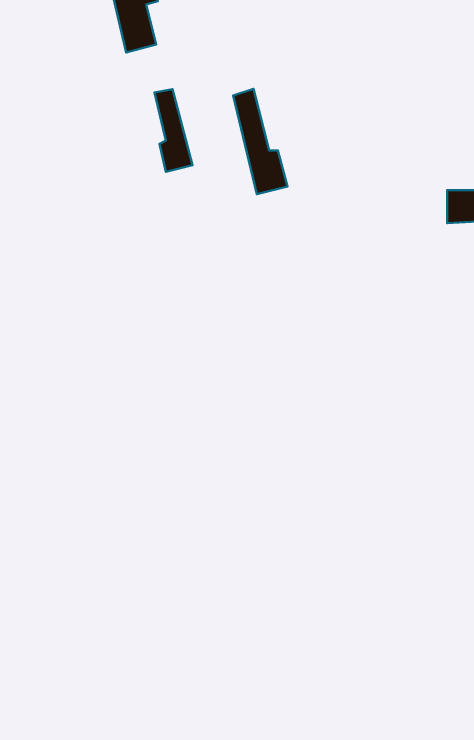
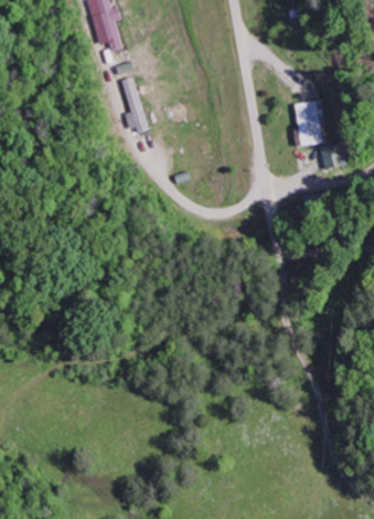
building: [233,89,287,194] -> none
building: none -> [290,99,321,146]

